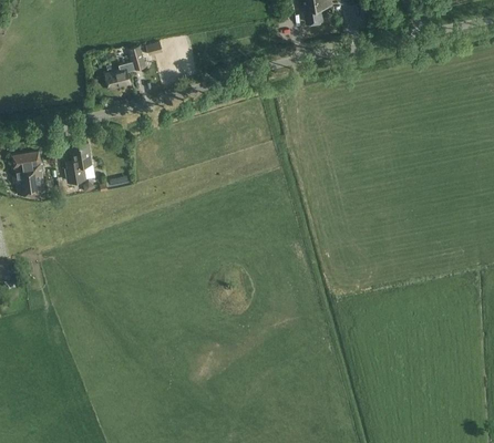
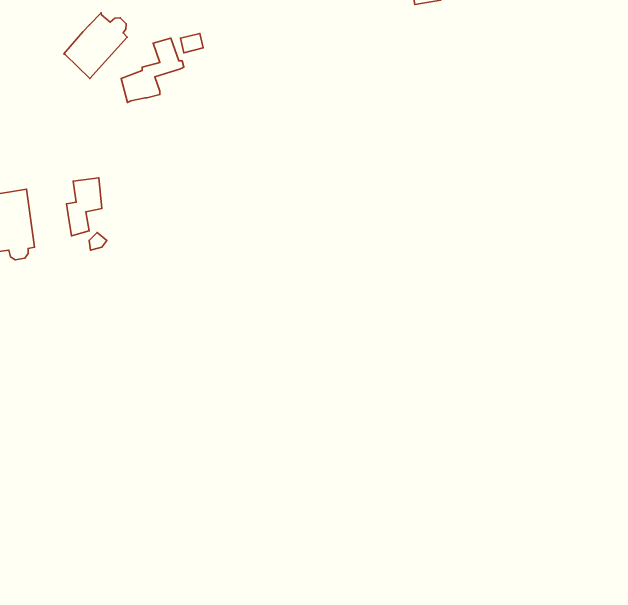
building: none -> [64,13,127,78]

